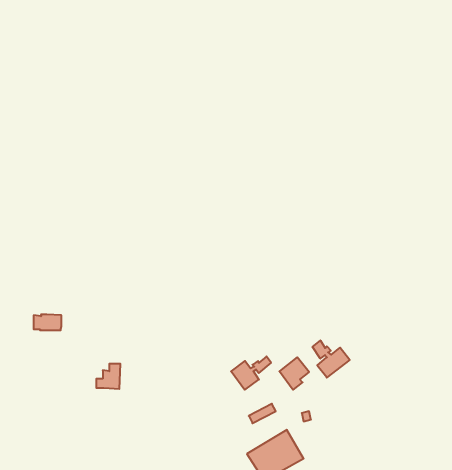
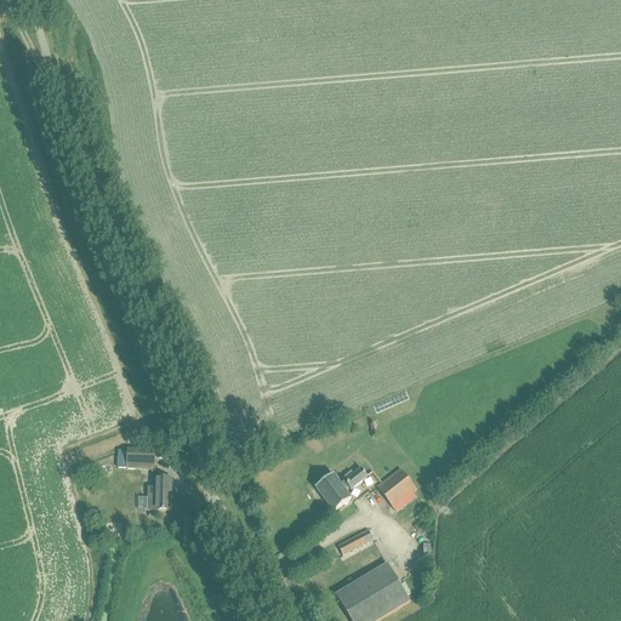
building: [34,314,61,330] -> [118,446,154,467]
building: [313,340,350,378] -> none

